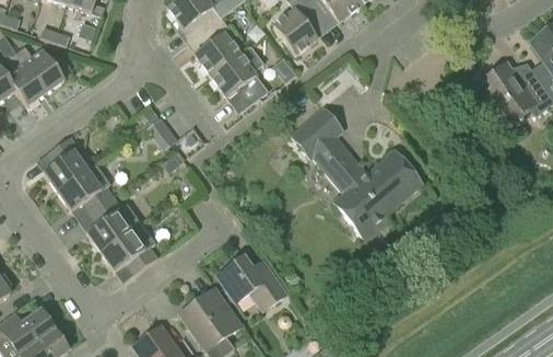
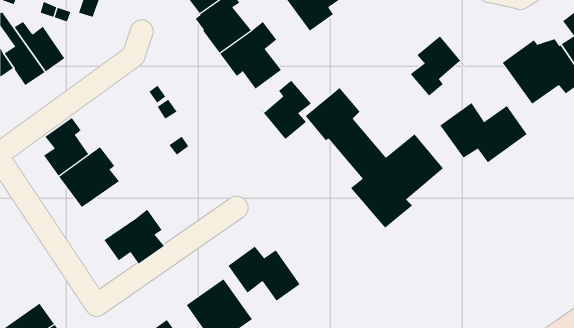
building: none -> [410,35,469,96]
building: none -> [255,80,312,140]
building: none -> [440,102,527,163]
building: [79,195,141,251] -> none

